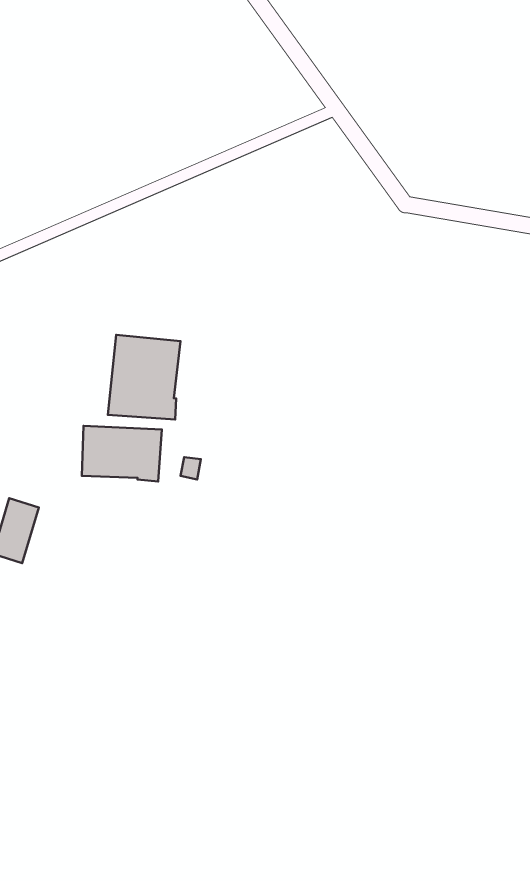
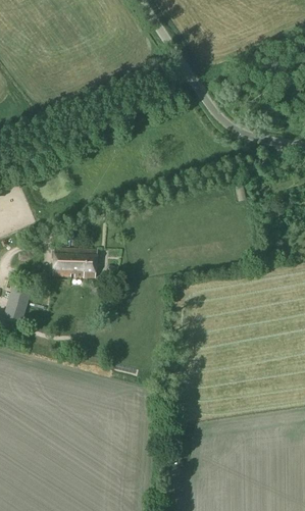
building: [108,335,181,420] -> none

